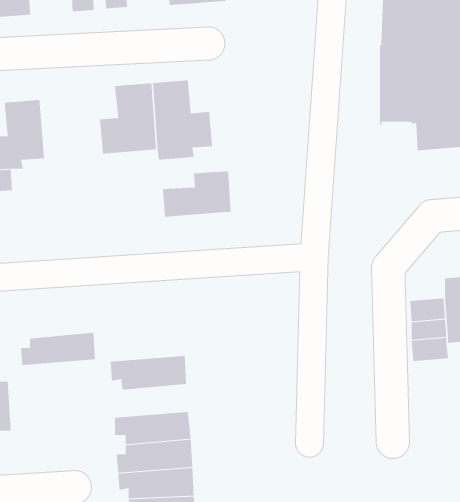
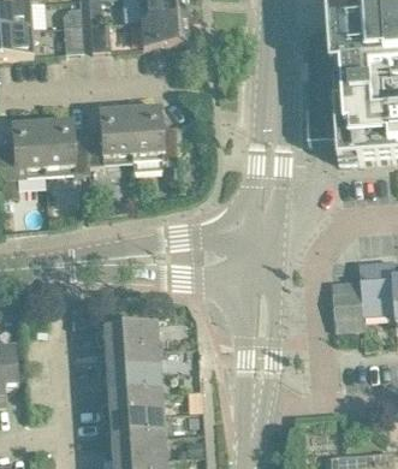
building: none -> [41,117,90,171]
building: [163,171,231,218] -> none
building: [20,332,96,366] -> [99,345,159,372]

